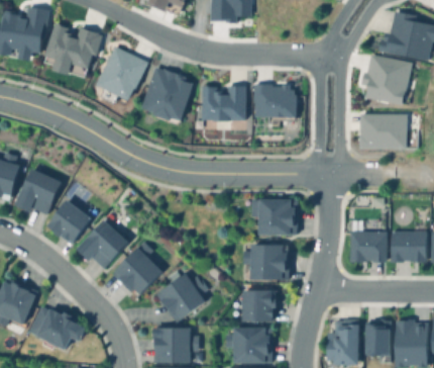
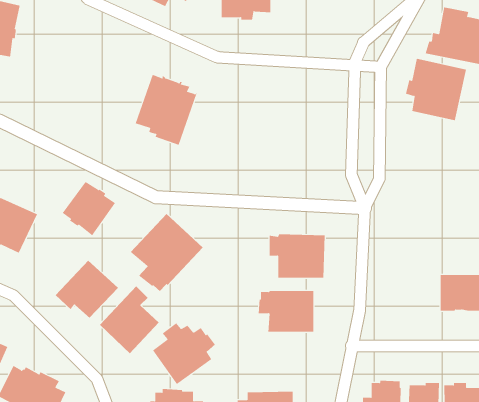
building: [45,23,103,75] -> none
building: [97,47,149,101] -> none
building: [254,85,297,118] -> none
building: [201,86,245,121] -> none
building: [361,114,408,150] -> none
building: none -> [130,213,203,292]
building: [45,200,90,246] -> [62,181,116,236]
building: [350,233,387,263] -> none
building: [234,291,276,323] -> none

